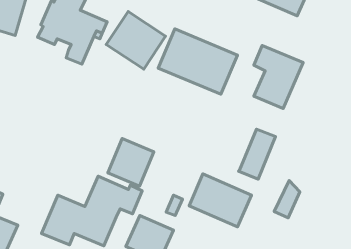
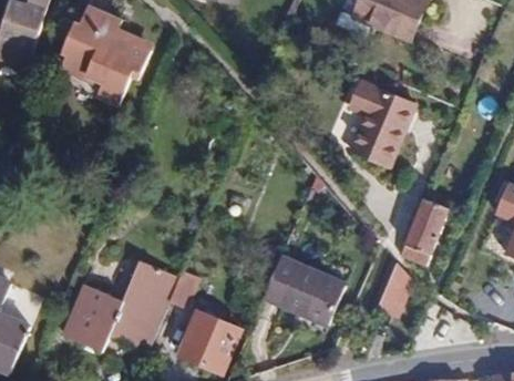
building: [106,11,166,69] -> none
building: [158,29,237,94] -> none
building: [239,129,275,179] -> [399,198,449,266]
building: [108,138,154,186] -> none

